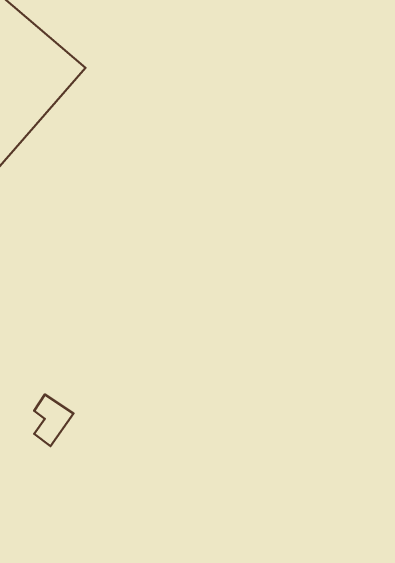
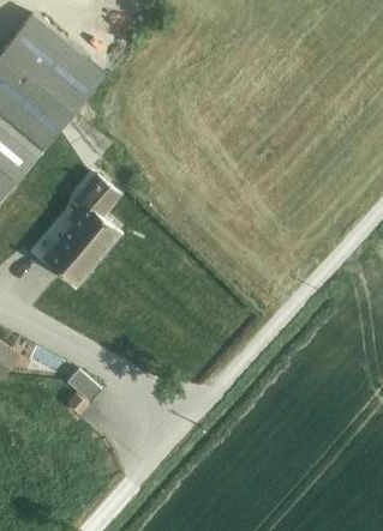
building: none -> [42,177,122,289]

